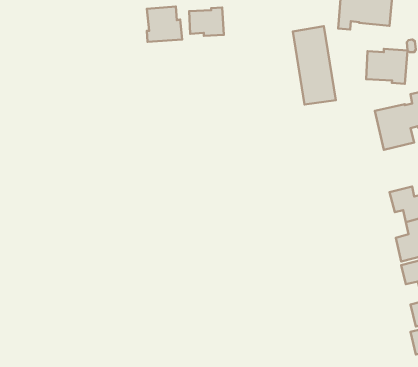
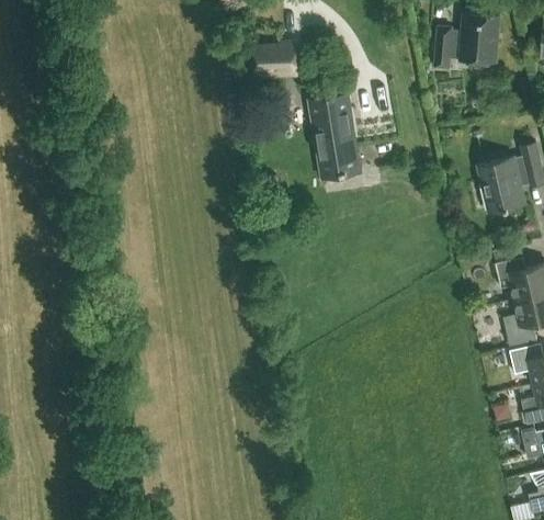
building: [147,6,182,42] -> none
building: [293,26,336,105] -> [309,88,361,182]
building: [366,49,408,84] -> none

